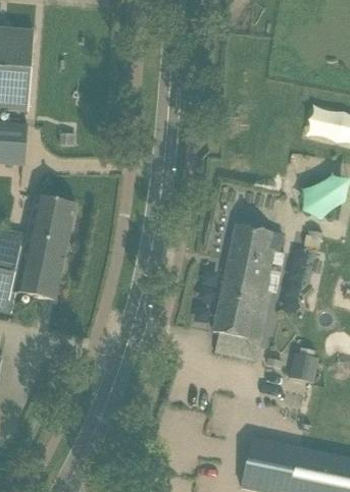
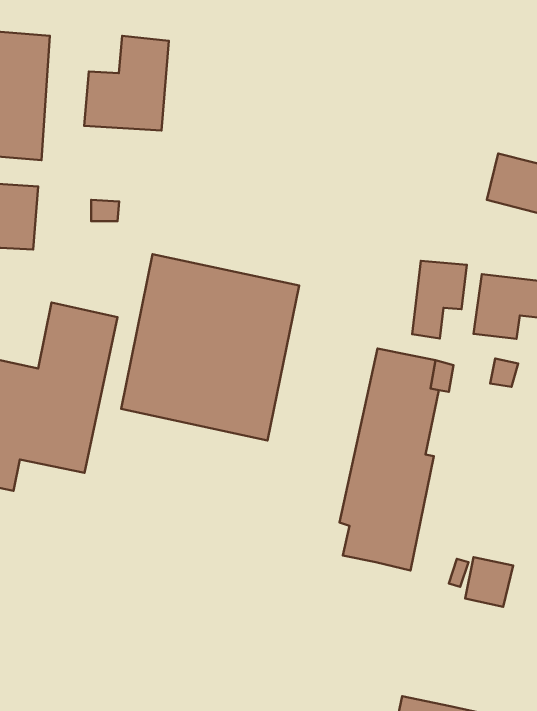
building: none -> [84,36,169,131]
building: none -> [121,254,299,440]
building: none -> [412,261,467,338]

